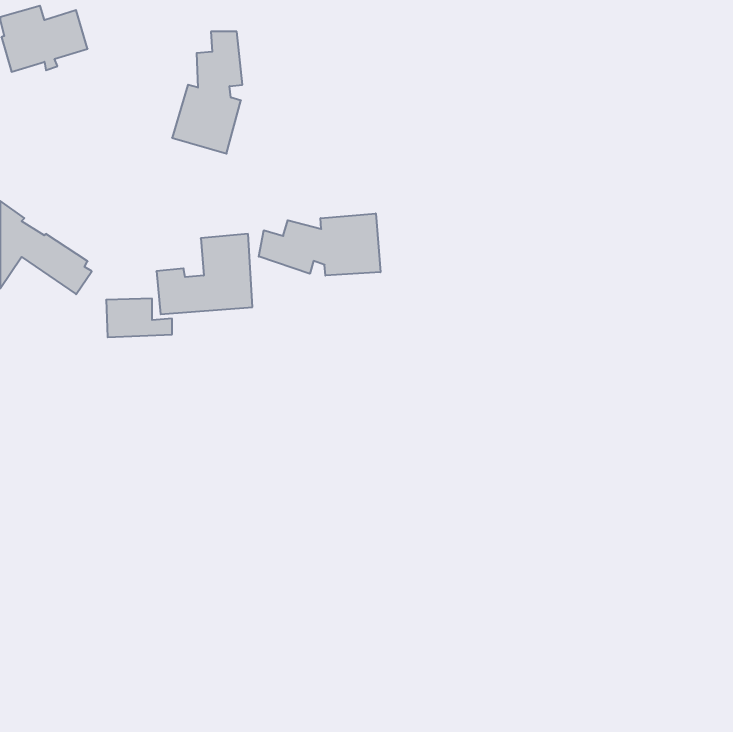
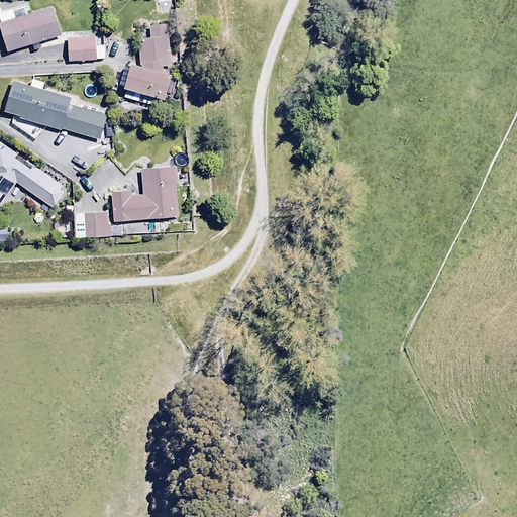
building: none -> [67,35,105,62]
building: none -> [4,78,106,138]
building: [259,213,380,276] -> none

